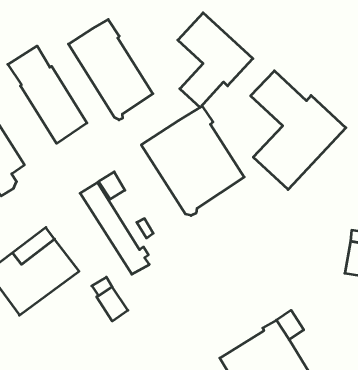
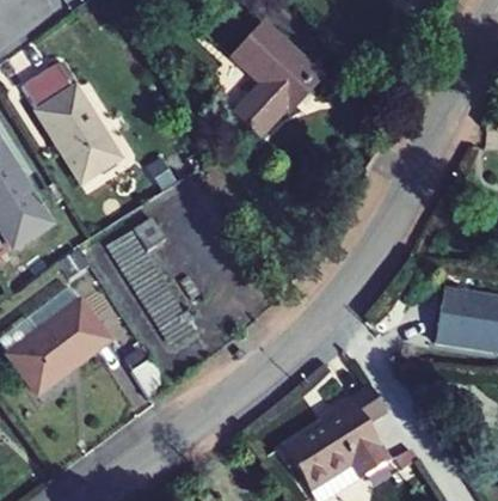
building: [68,19,153,120] -> none
building: [251,71,346,190] -> none
building: [141,106,244,216] -> none

